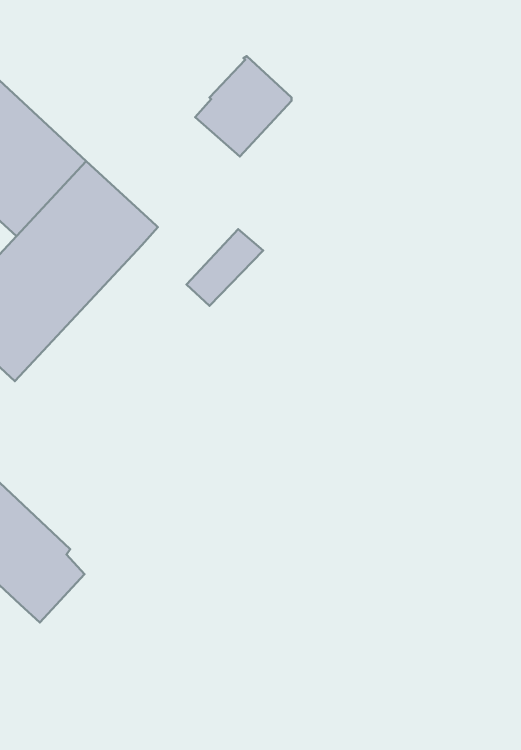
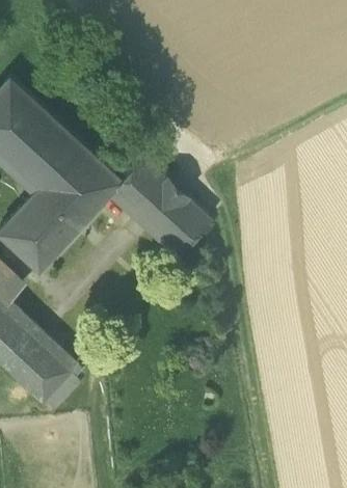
building: [195,56,292,156] -> [113,158,169,216]
building: none -> [153,196,212,253]

